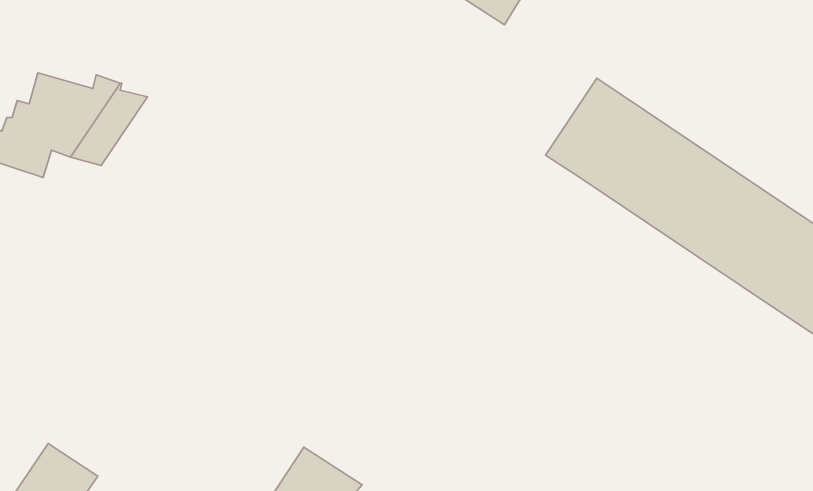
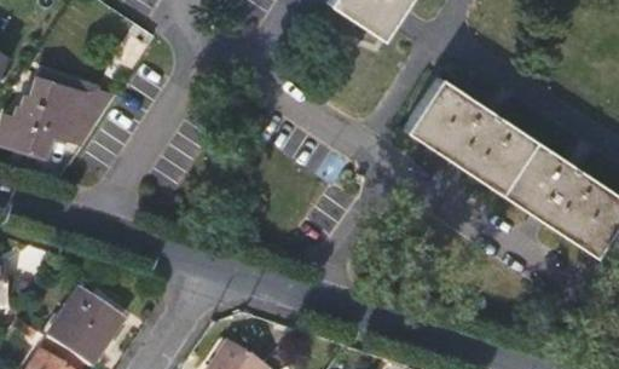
building: none -> [51,283,128,363]

